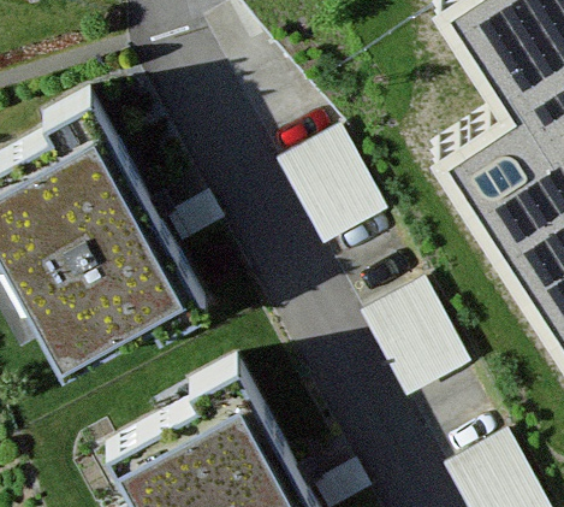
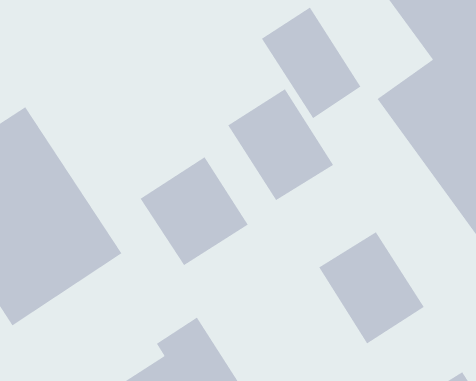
building: none -> [261,7,361,119]
building: none -> [140,156,249,266]

